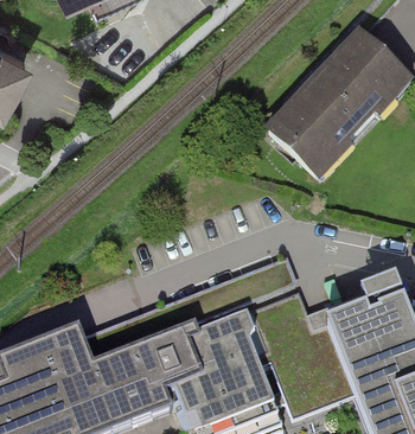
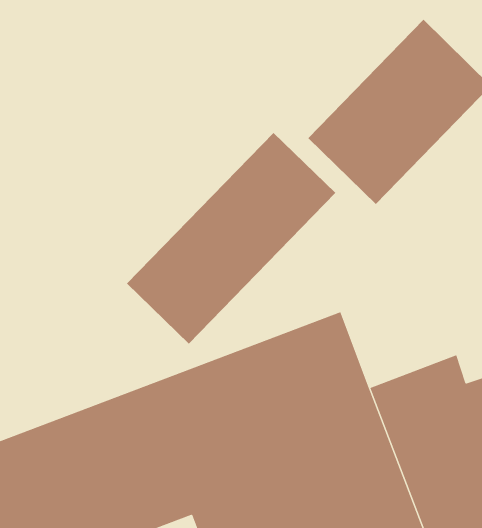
building: none -> [126,132,336,344]

